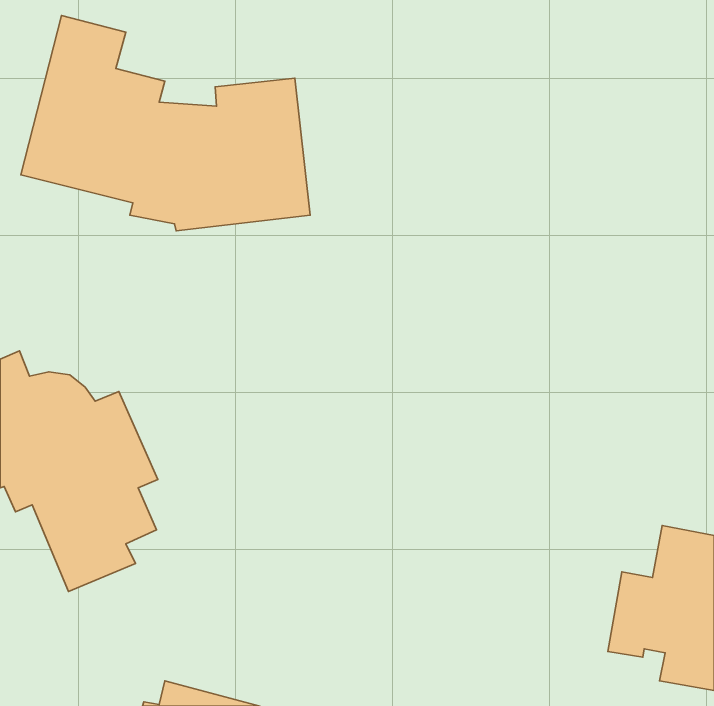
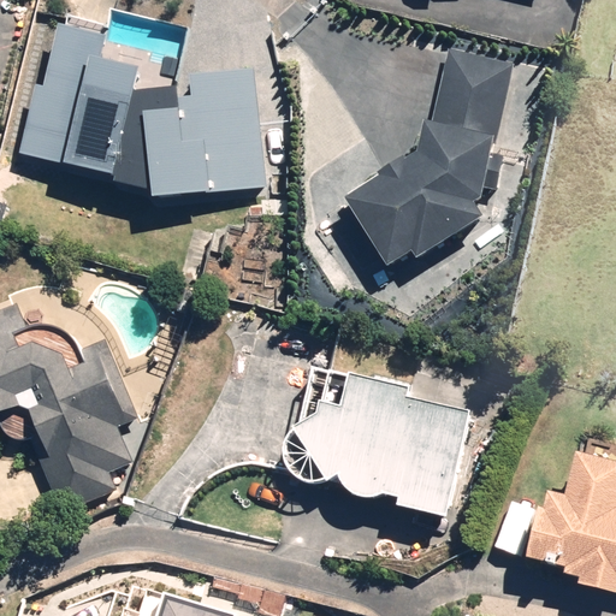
building: none -> [346,48,509,265]
building: none -> [285,375,466,516]

